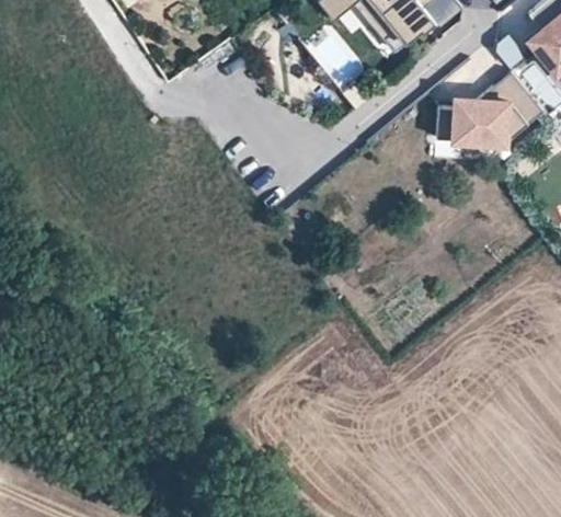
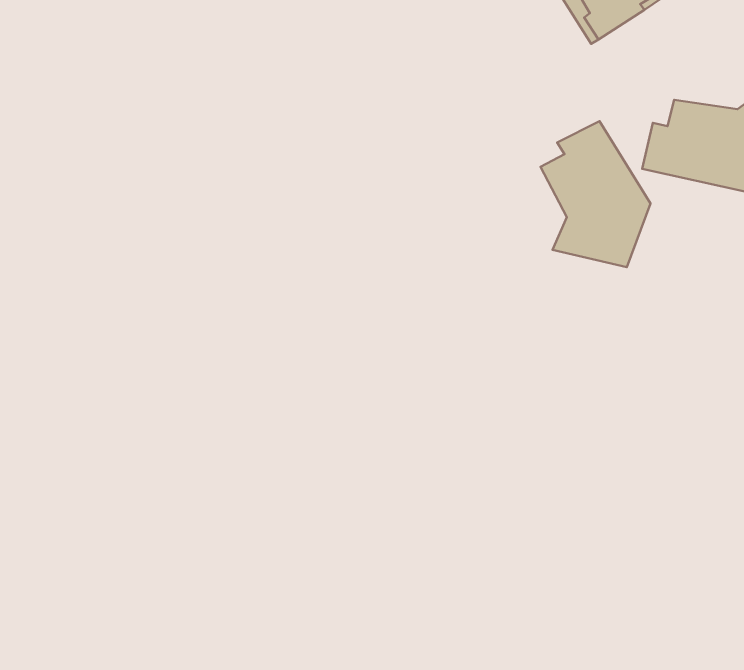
building: none -> [540,121,650,267]

